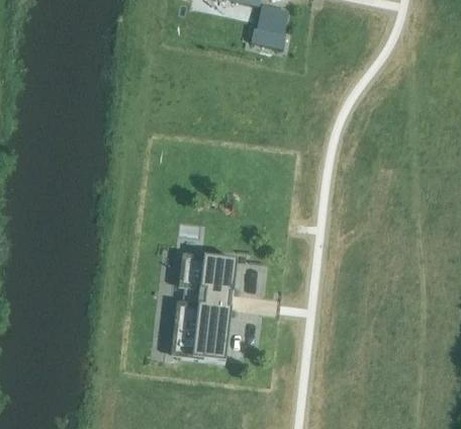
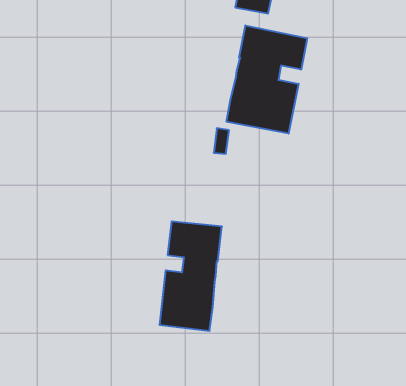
building: none -> [227,25,307,134]

